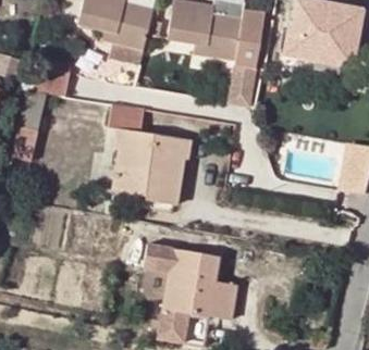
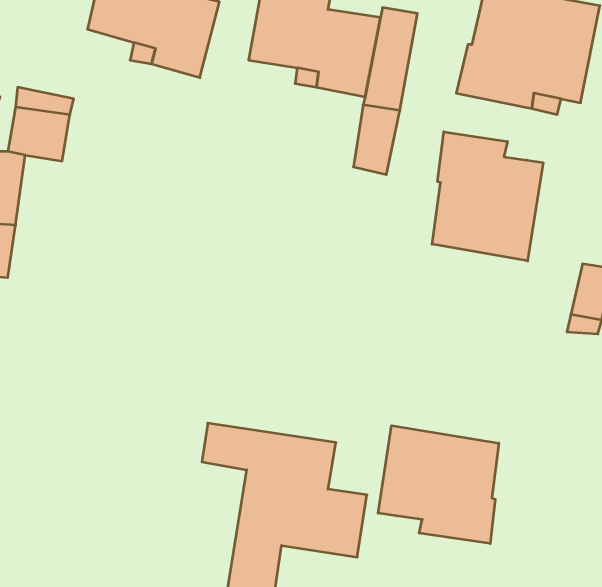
building: none -> [432,132,543,261]
building: [109,105,192,205] -> none
building: none -> [378,426,499,544]

